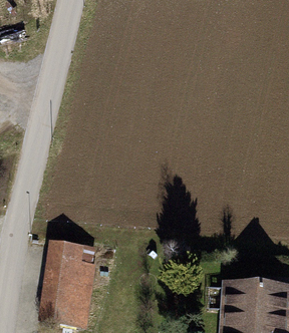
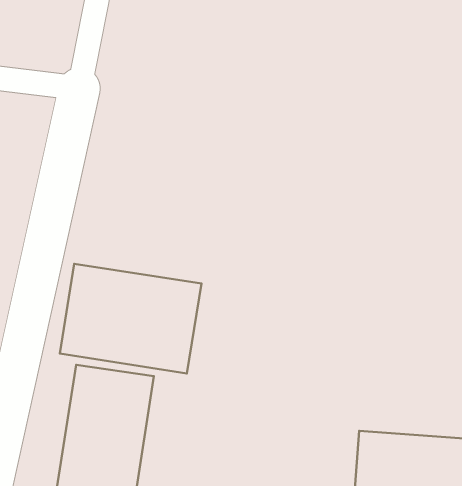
building: none -> [60,264,201,373]

